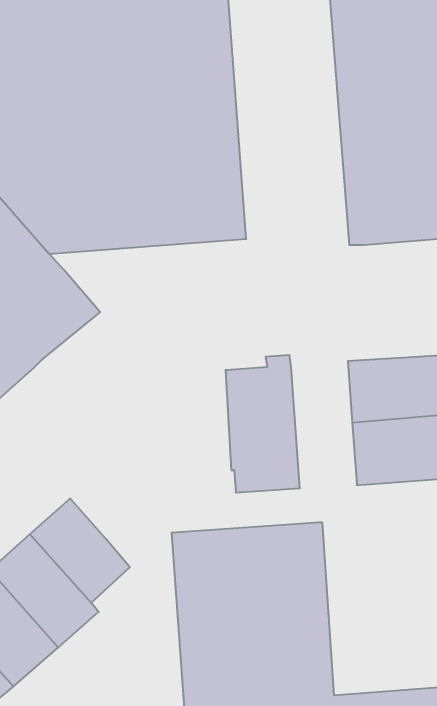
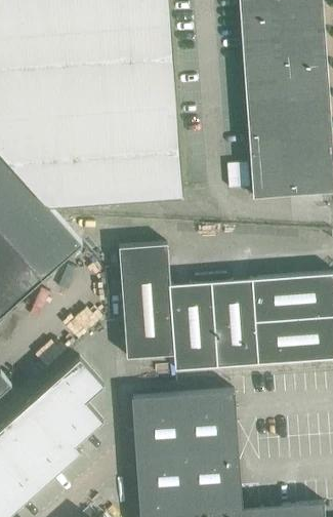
building: none -> [119,243,172,357]
building: none -> [212,274,258,366]
building: none -> [61,357,105,401]

